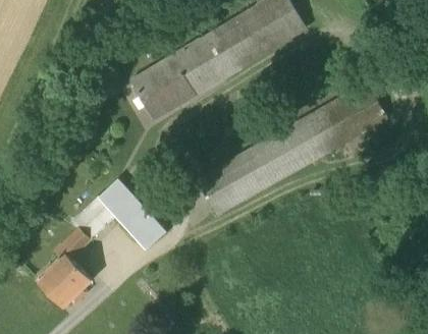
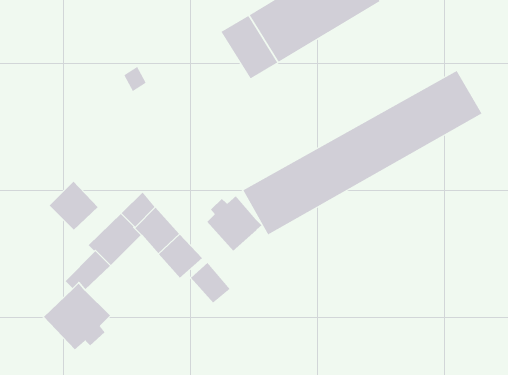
building: [131,52,203,119] -> none
building: none -> [49,181,98,231]
building: none -> [207,196,262,251]
building: none -> [190,262,231,304]

